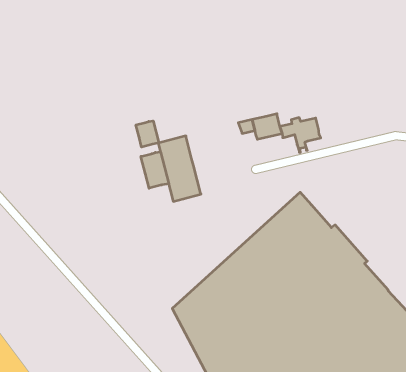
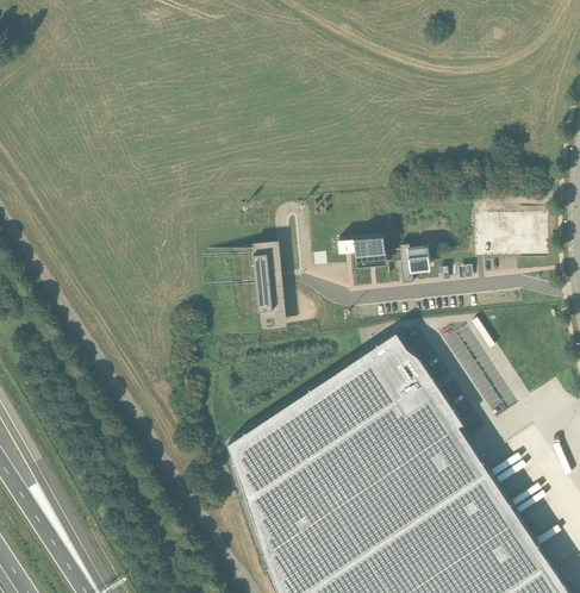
building: [136,121,159,147] -> none
building: [141,152,169,188] -> none

